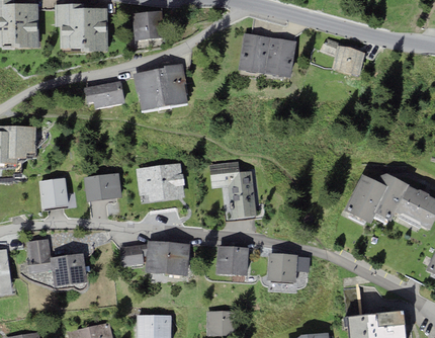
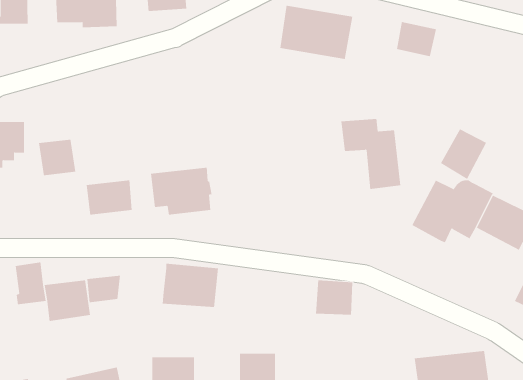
building: [134,62,188,110] -> none
building: [84,81,124,108] -> none
building: none -> [440,128,487,180]
building: [208,162,257,219] -> [340,118,401,189]
building: [38,178,69,207] -> [38,139,76,176]
building: [120,244,148,266] -> [86,275,121,303]
building: [215,246,249,275] -> none

